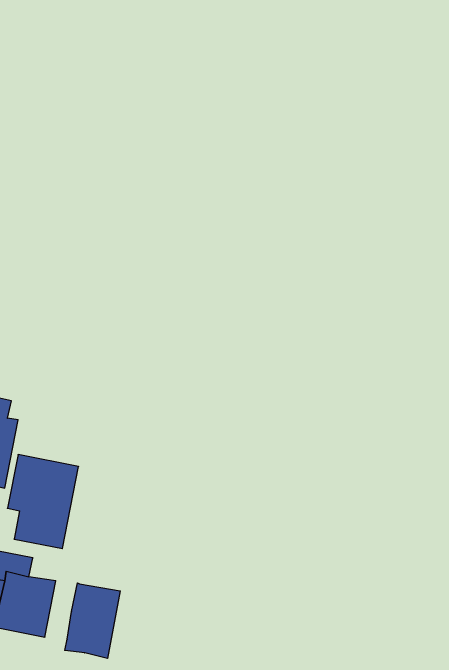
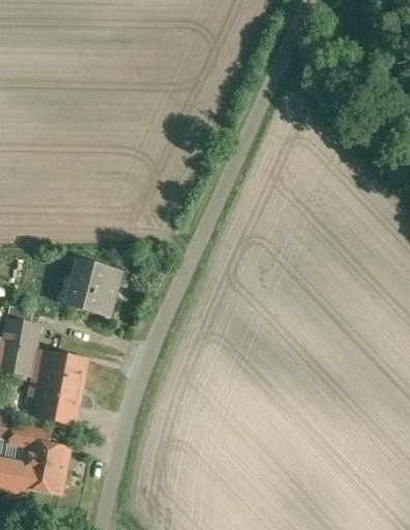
building: none -> [67,260,120,316]
building: [65,583,120,658] -> none

